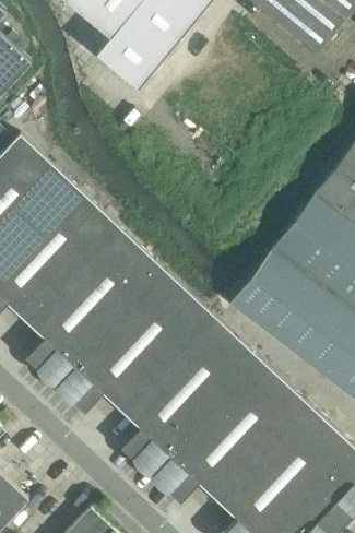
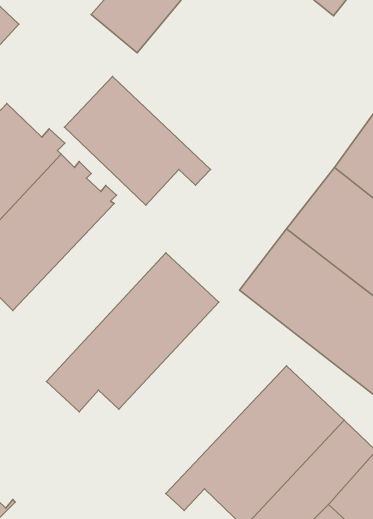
building: none -> [64,77,211,205]
building: [25,224,164,386] -> none
building: [121,313,273,487] -> none

